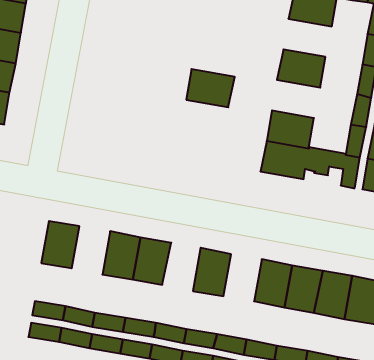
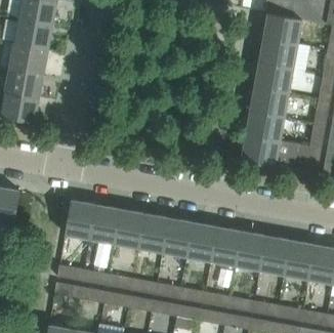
building: none -> [258,38,297,69]
building: [186,69,235,107] -> [249,87,288,118]
building: none -> [88,205,119,244]
building: none -> [161,218,192,257]
building: none -> [210,227,241,265]

